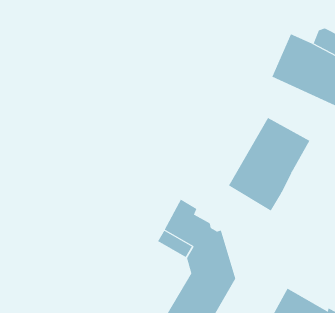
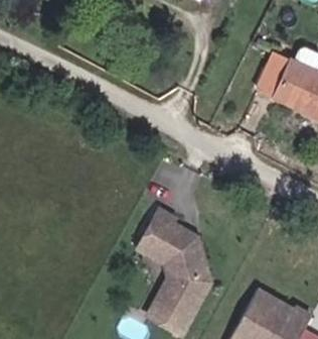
building: [228,117,310,211] -> none

